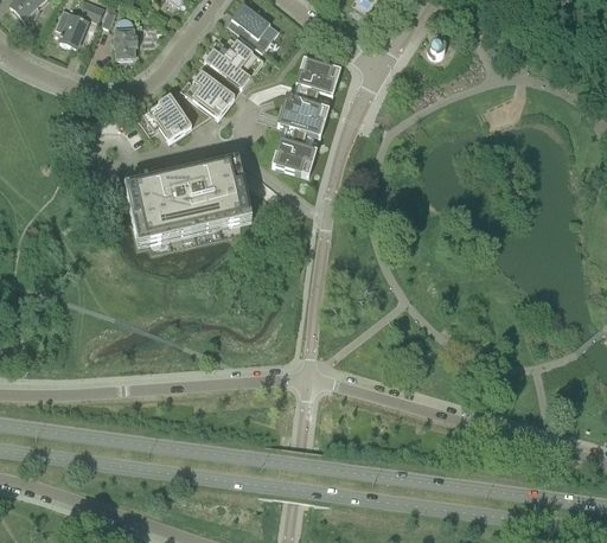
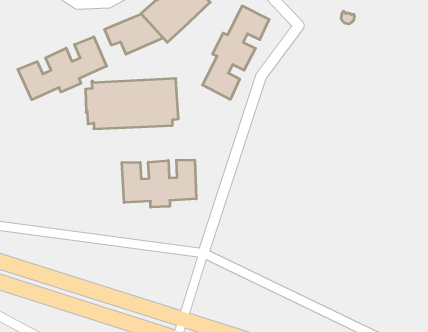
building: none -> [18,37,107,100]
building: none -> [122,160,196,207]

